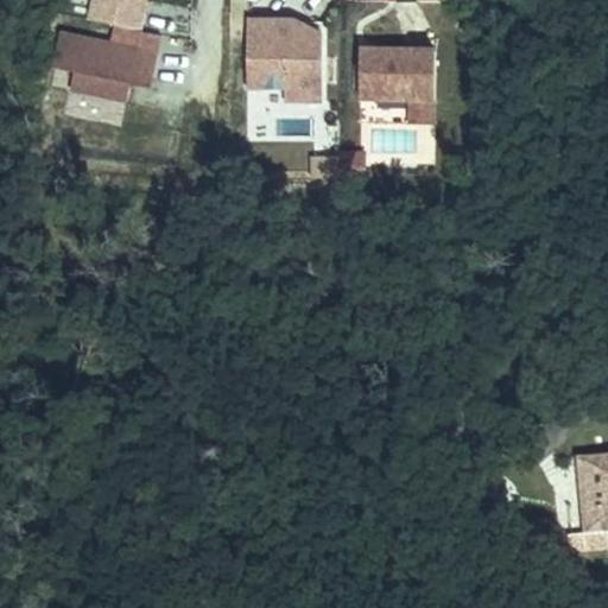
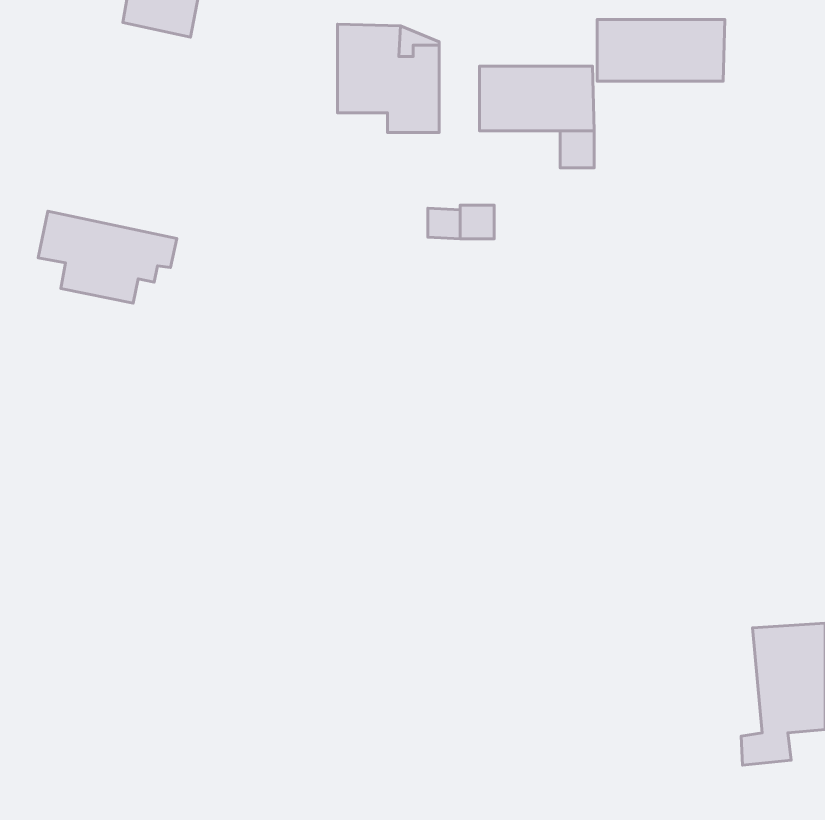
building: none -> [597,20,725,81]
building: [56,30,158,97] -> [38,211,177,303]

